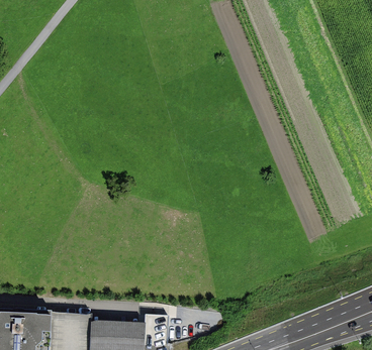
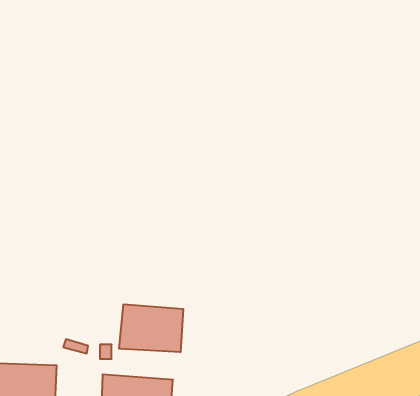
building: none -> [119,304,183,352]

